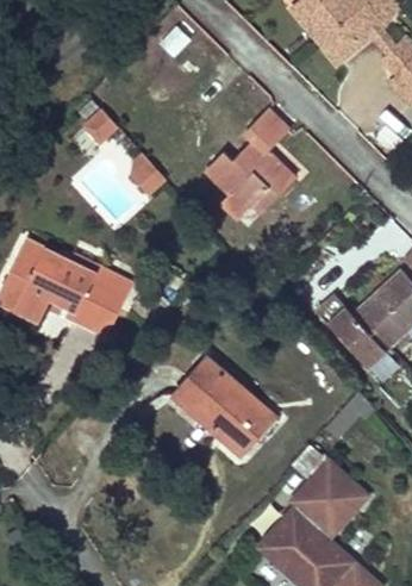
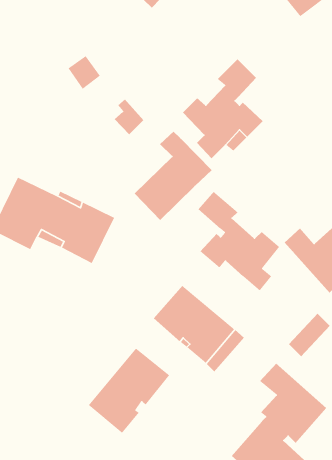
building: none -> [134,131,213,221]
building: none -> [198,191,280,292]
building: none -> [88,348,170,434]

